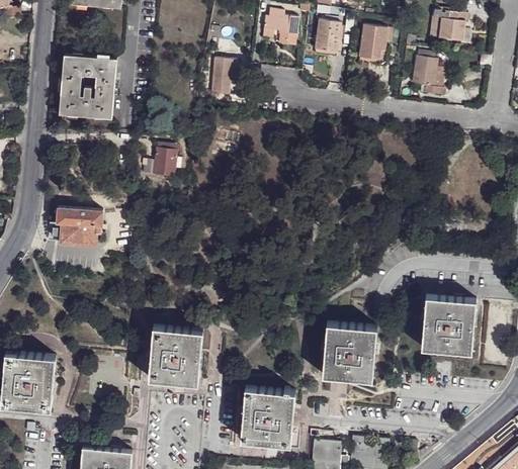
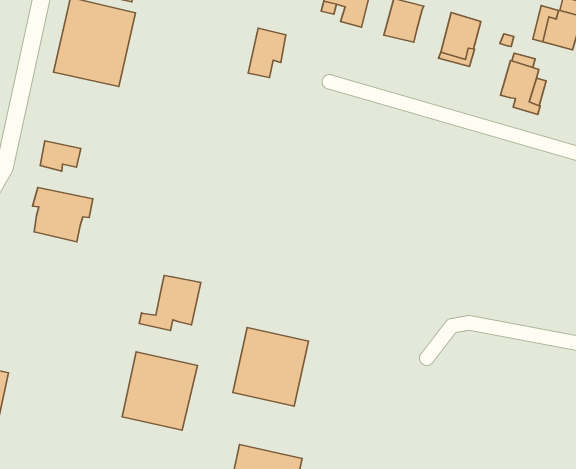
building: [142,143,181,176] -> none
building: none -> [40,141,81,171]
building: none -> [139,276,201,330]
building: [421,295,474,352] -> none
building: [322,322,375,379] -> [233,328,308,406]

